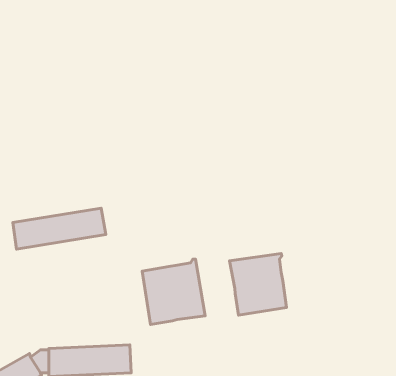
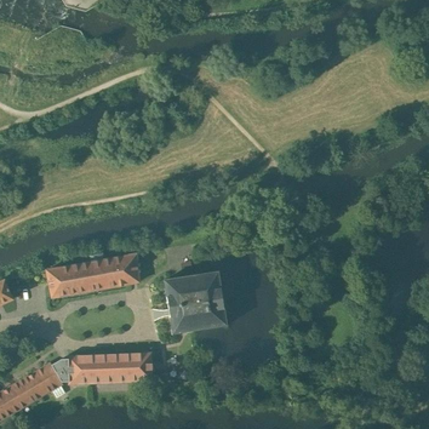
building: [13,208,106,249] -> [44,254,137,296]
building: [230,253,286,315] -> none

